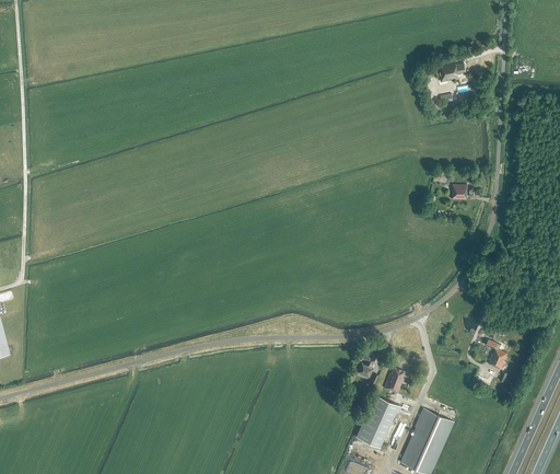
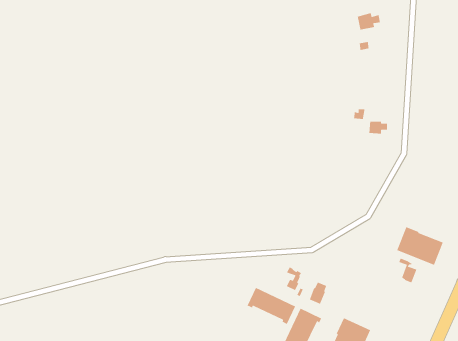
building: none -> [396,226,444,266]
building: none -> [247,287,296,325]

